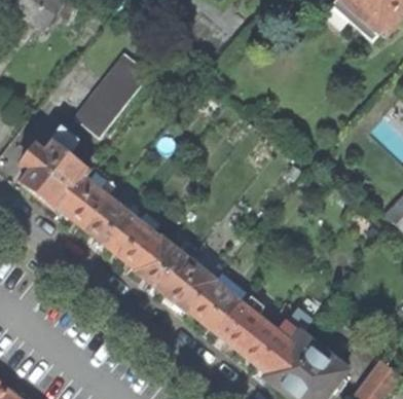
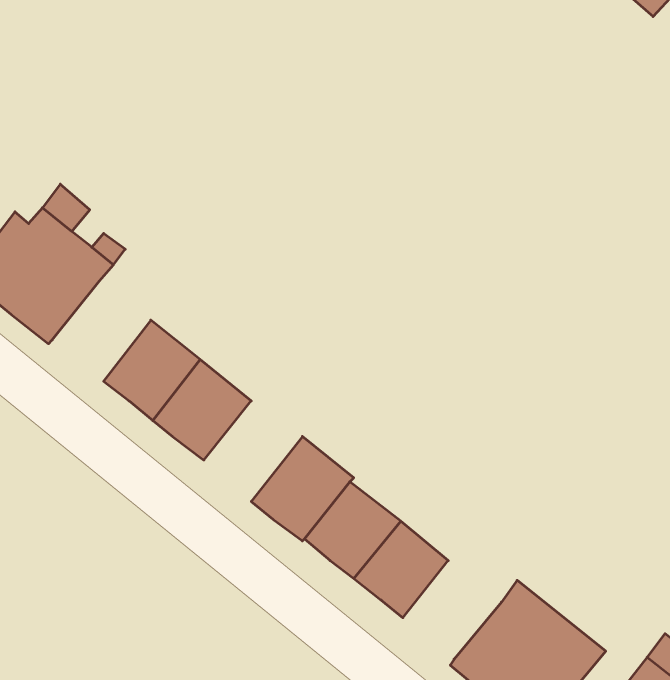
building: [72,51,149,137] -> none
building: [59,177,110,229] -> none
building: [137,238,189,292] -> none
building: [242,323,293,374] -> none

